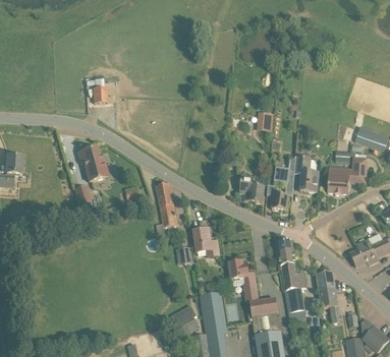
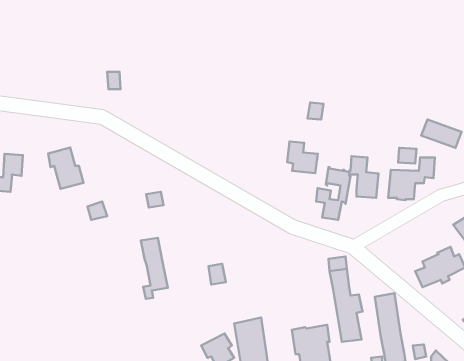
building: [78,145,108,180] -> [48,147,84,189]
building: [239,175,265,201] -> [287,141,318,173]
building: [155,182,177,233] -> [141,238,168,299]
building: [193,227,219,255] -> none
building: [227,259,258,301] -> none

